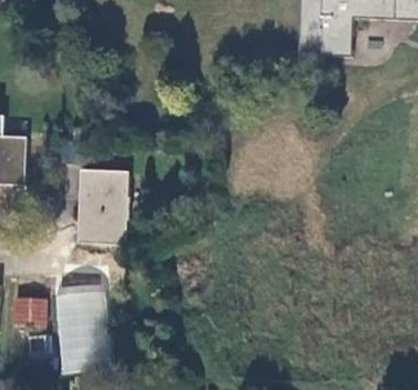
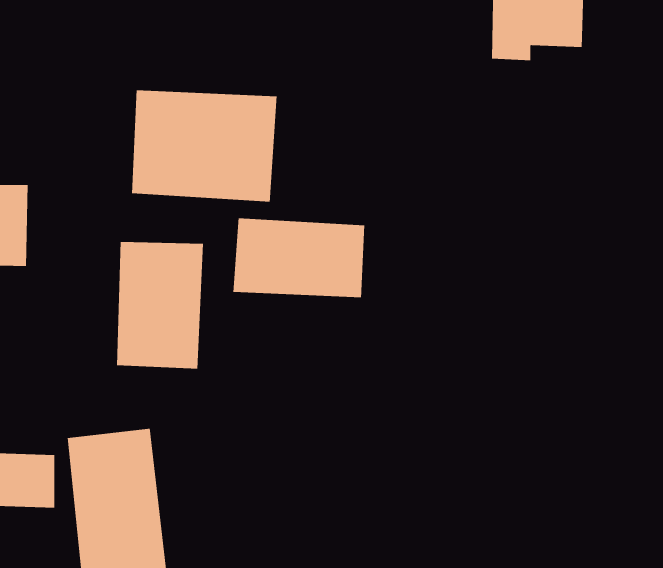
building: none -> [132,89,277,203]
building: none -> [233,217,365,298]

